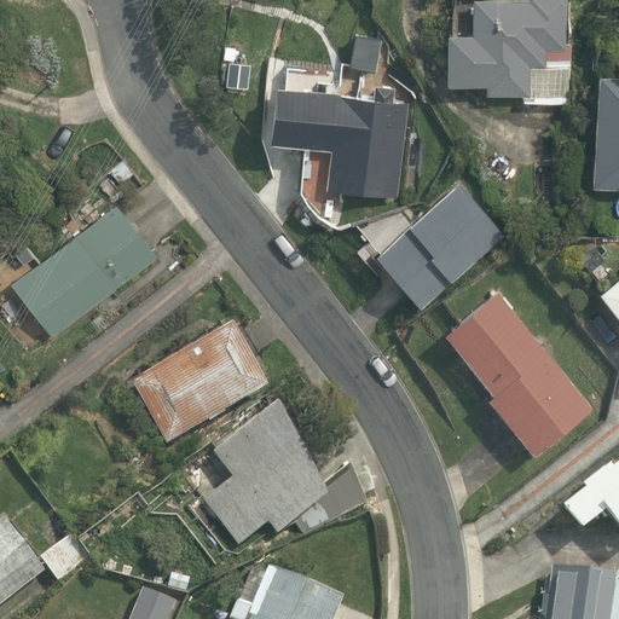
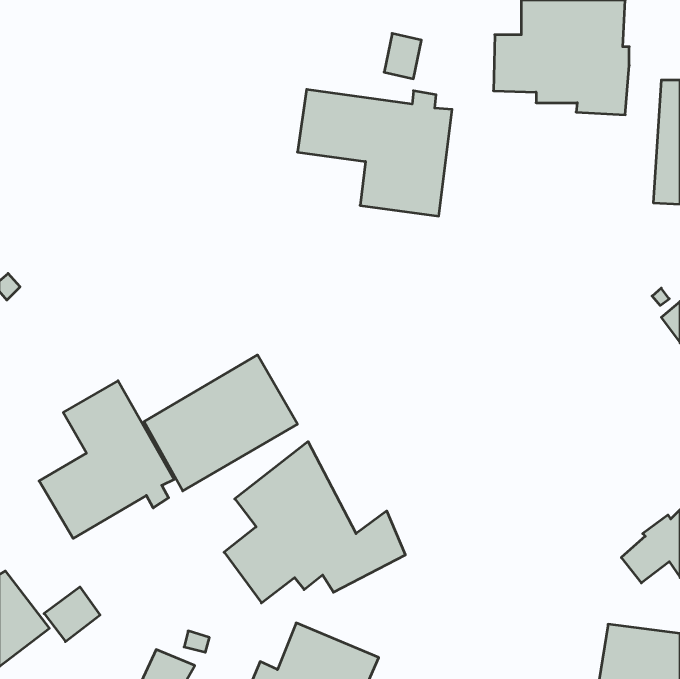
building: [376,183,505,310] -> none
building: [11,199,158,337] -> none
building: [445,289,592,455] -> none
building: none -> [39,381,174,538]

